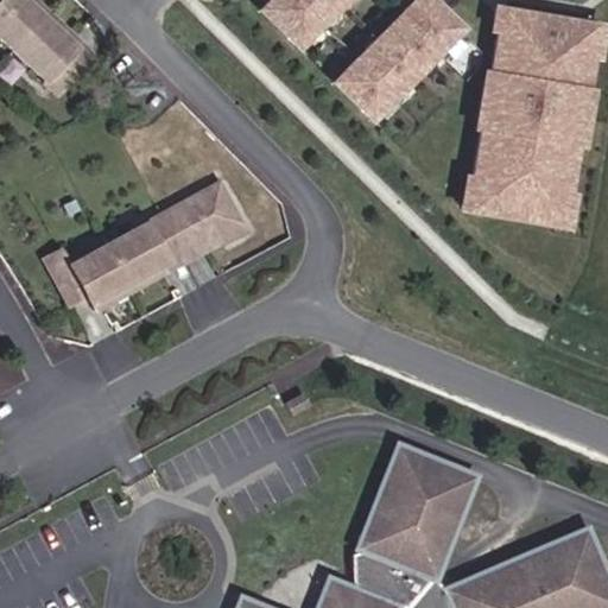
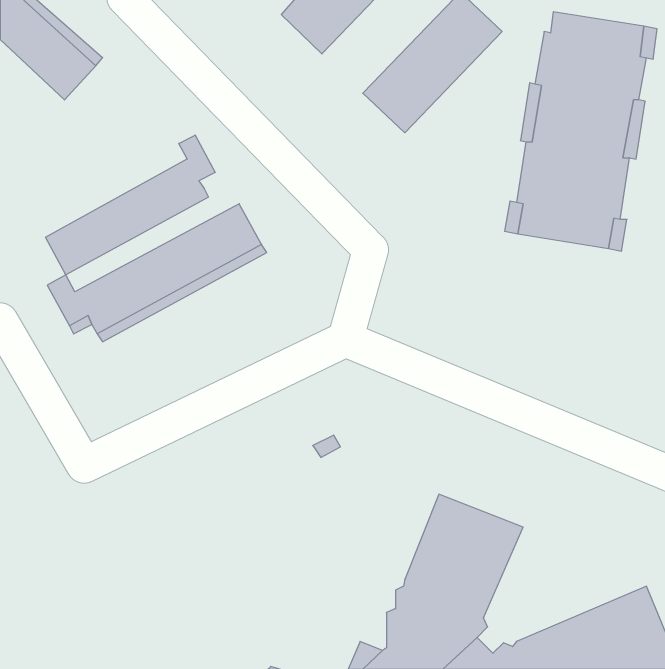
building: none -> [46,135,215,275]

